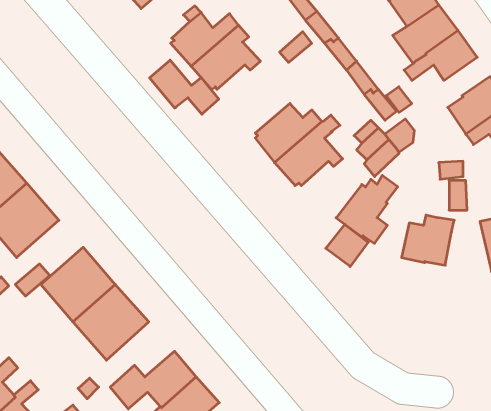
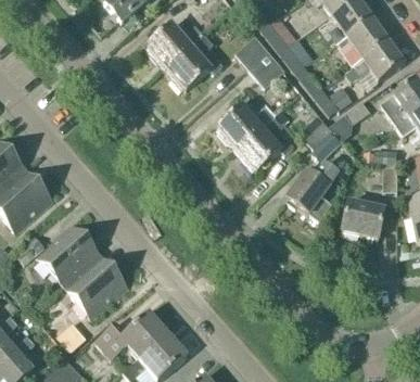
building: none -> [246,50,284,88]
building: [150,60,219,114] -> none
building: [326,224,368,267] -> none

